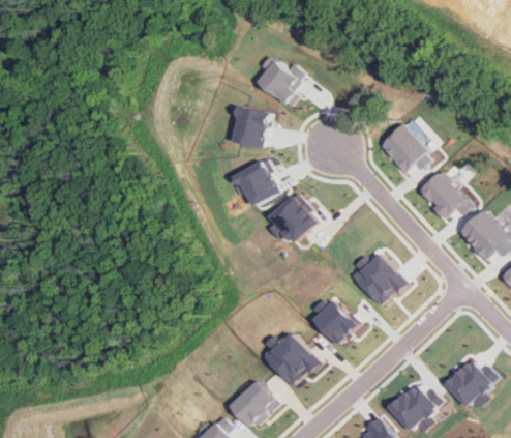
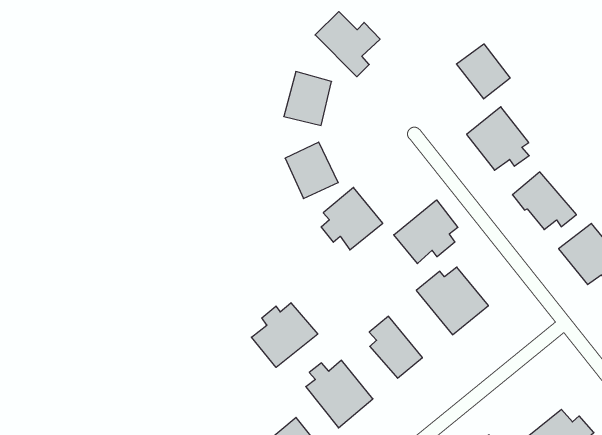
building: none -> [456,44,510,99]
building: none -> [394,200,458,264]
building: none -> [251,303,318,367]

